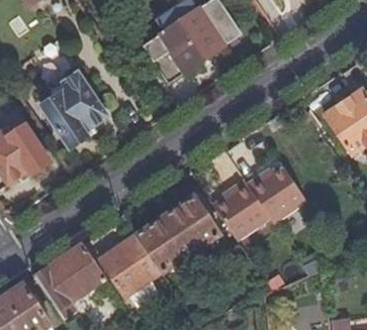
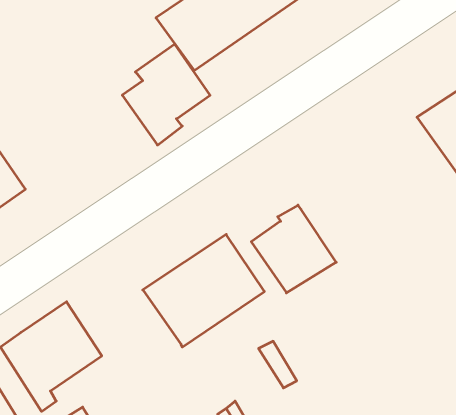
building: [52,77,112,146] -> [122,44,210,145]
building: [244,159,305,219] -> none
building: [99,234,161,296] -> none

